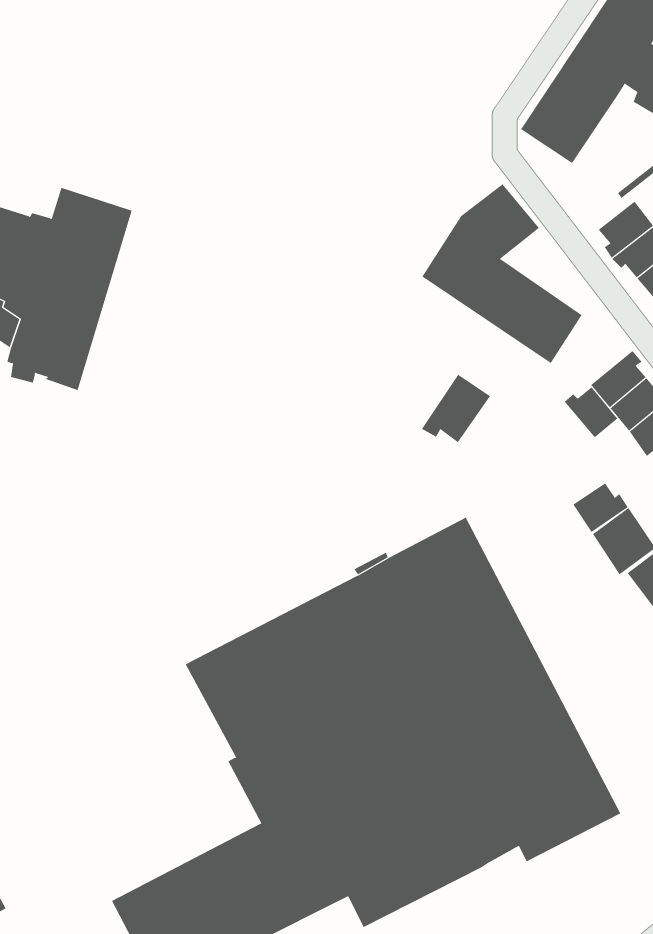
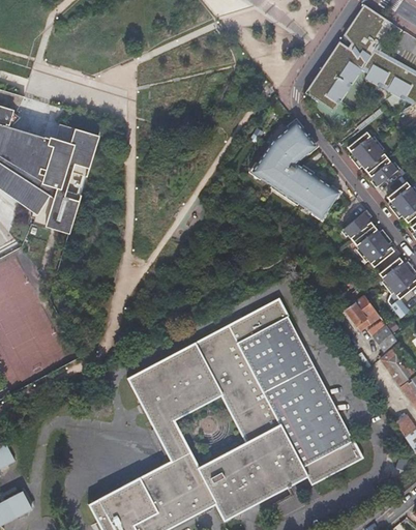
building: [421,374,491,443] -> none
building: [564,387,618,438] -> none
building: [572,483,629,533] -> none

